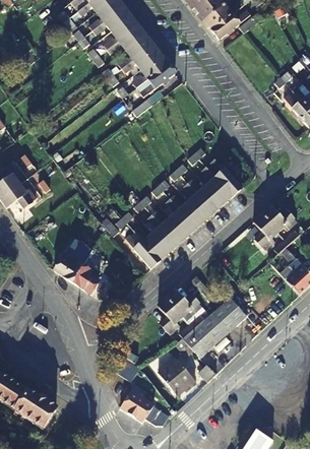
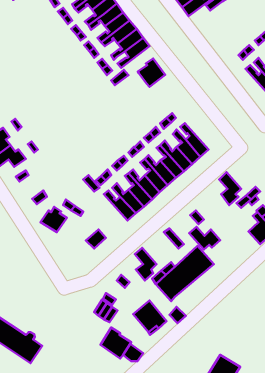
building: none -> [138,59,165,87]
building: [261,207,297,233] -> none
building: [71,265,99,294] -> none
building: [167,292,201,317] -> [189,227,220,249]

